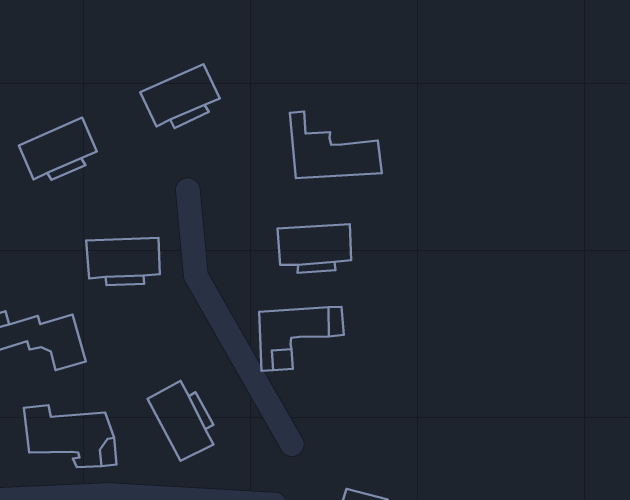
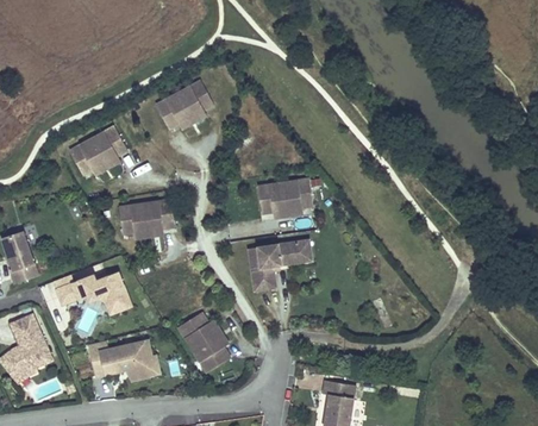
building: [290,112,382,178] -> none

